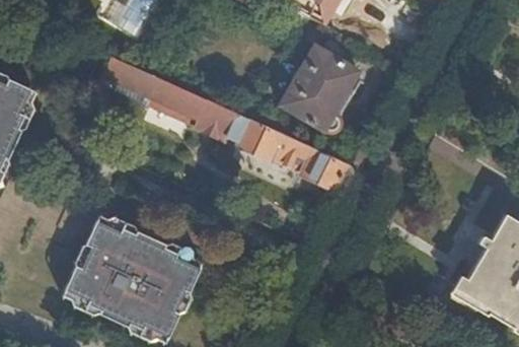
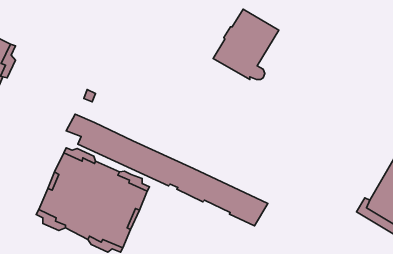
building: [102,56,348,192] -> [66,114,268,226]

